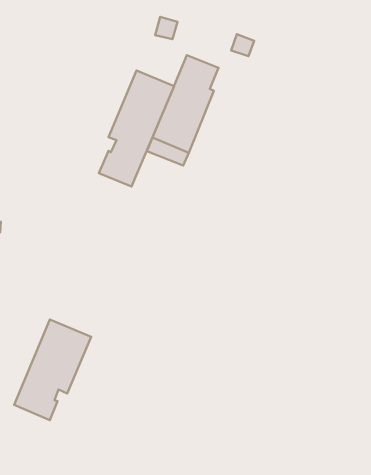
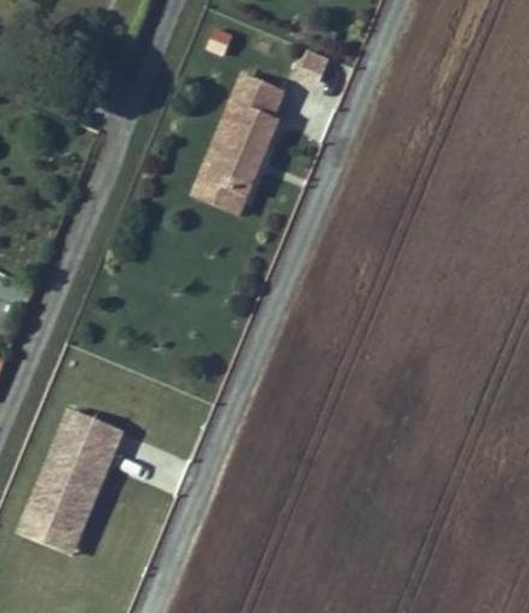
building: [99,70,174,186] -> none
building: none -> [18,497,92,552]

